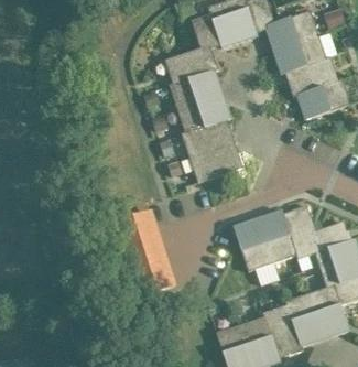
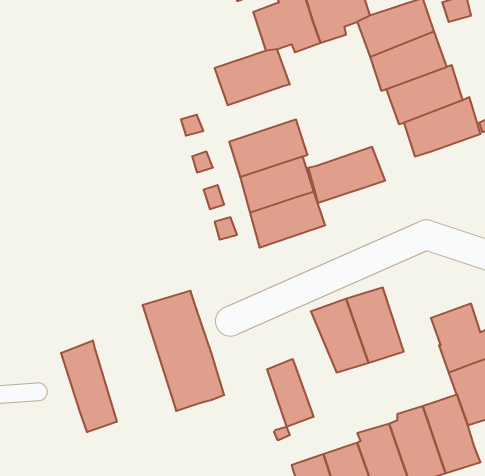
building: [170,72,223,110] -> [308,147,385,203]
building: [283,206,322,257] -> none
building: none -> [61,340,117,432]
building: none -> [267,359,314,427]

